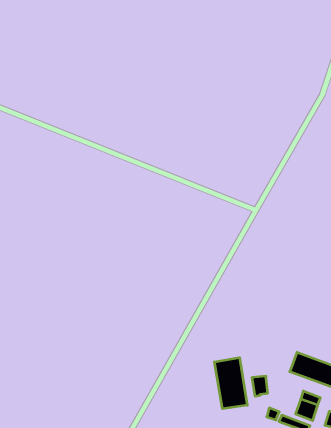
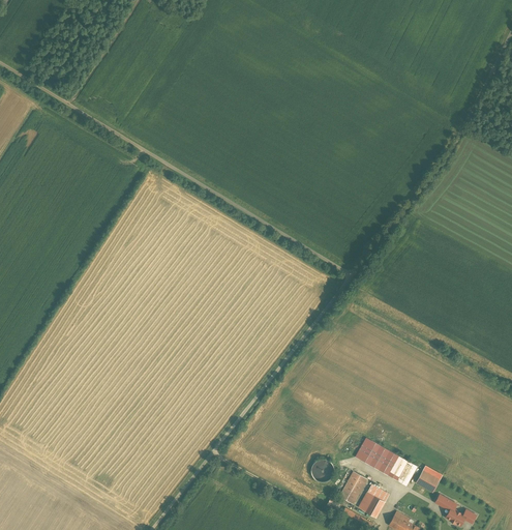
building: [214,358,247,409] -> none
building: none -> [338,471,366,504]

